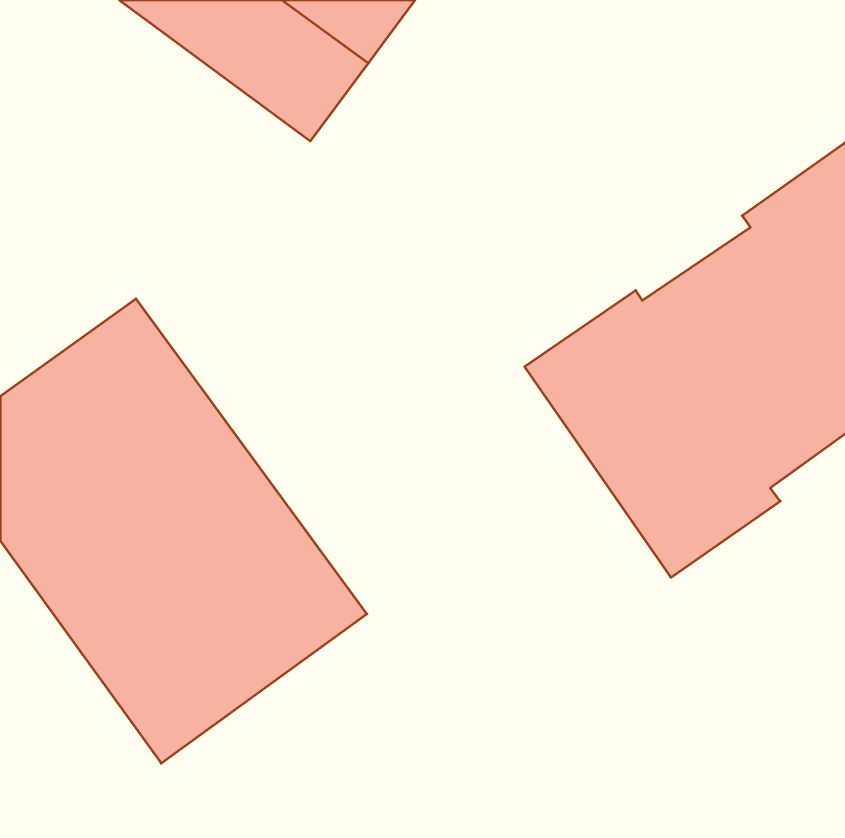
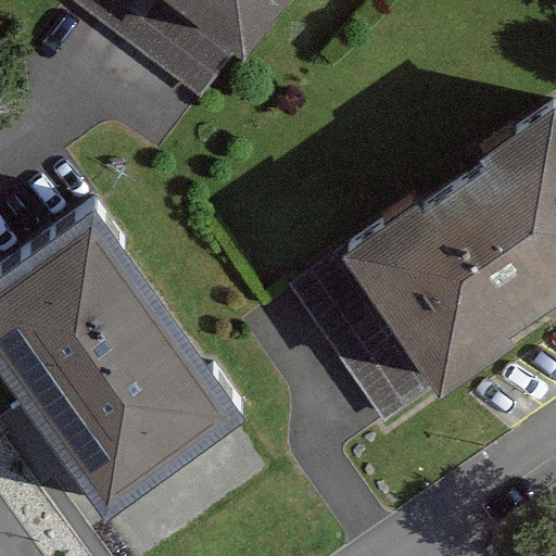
building: none -> [289,247,441,424]

